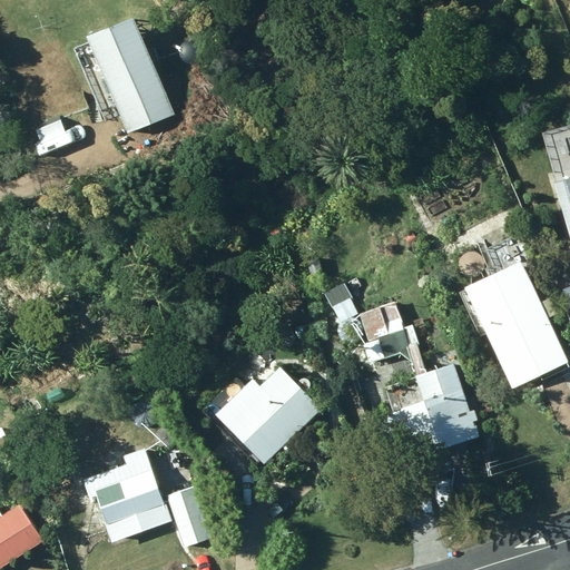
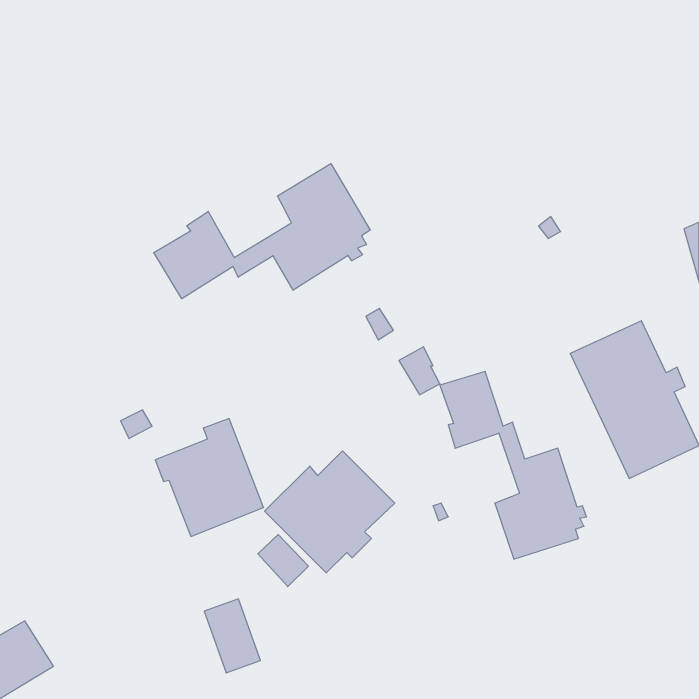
building: [94,23,173,132] -> none
building: none -> [154,164,370,299]
building: [83,448,171,543] -> [155,419,264,536]

